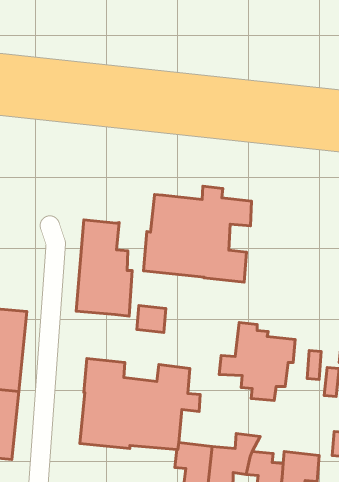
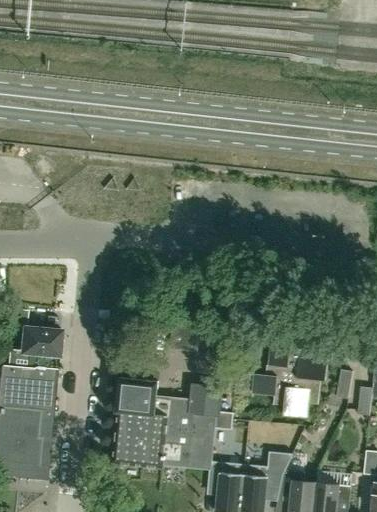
building: [143,186,252,282] -> none
building: [76,220,132,316] -> none

